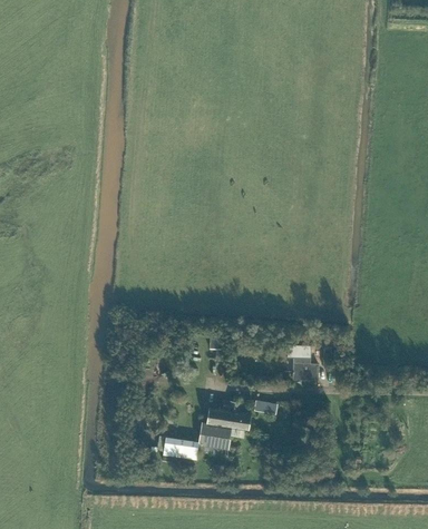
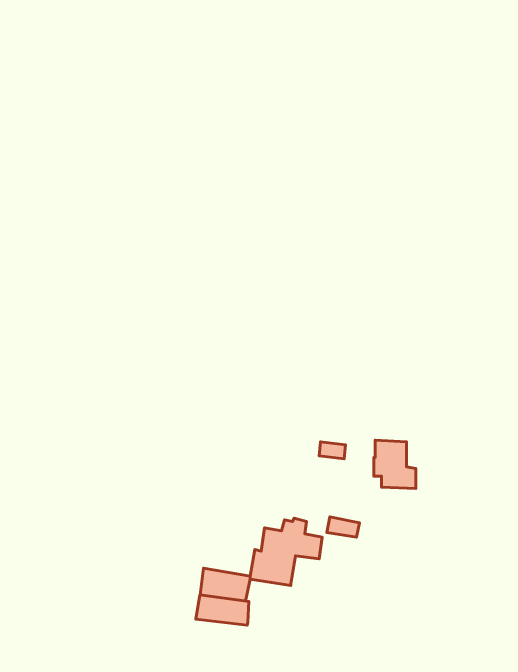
building: none -> [196,595,249,625]

